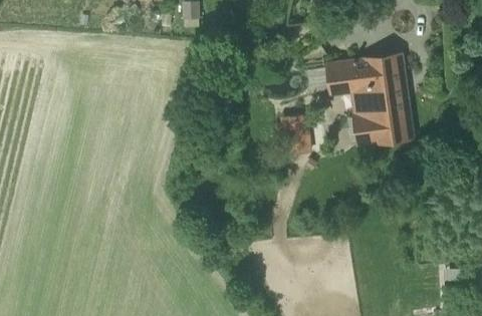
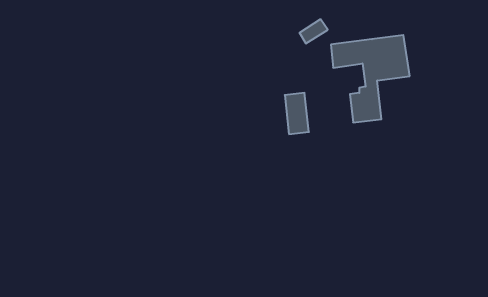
building: [375,98,411,139] -> none

